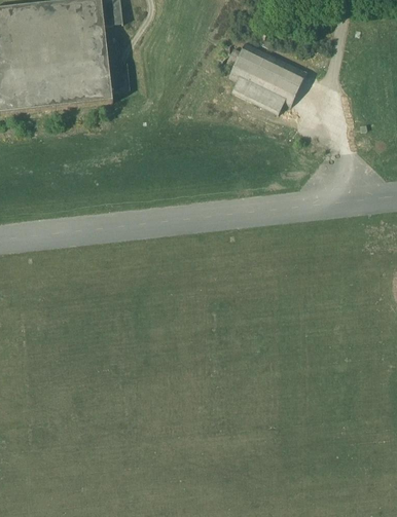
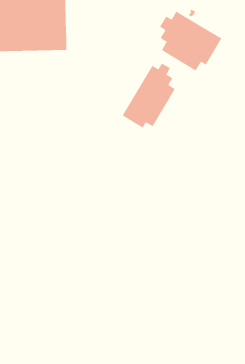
building: none -> [122,63,176,128]

